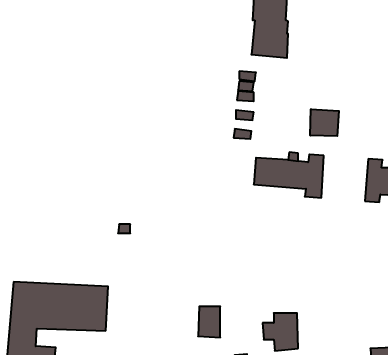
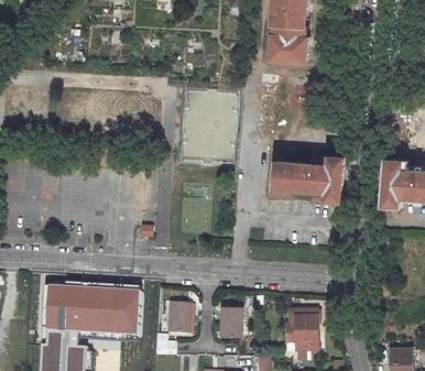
building: [310,109,339,136] -> none
building: none -> [170,303,190,334]

